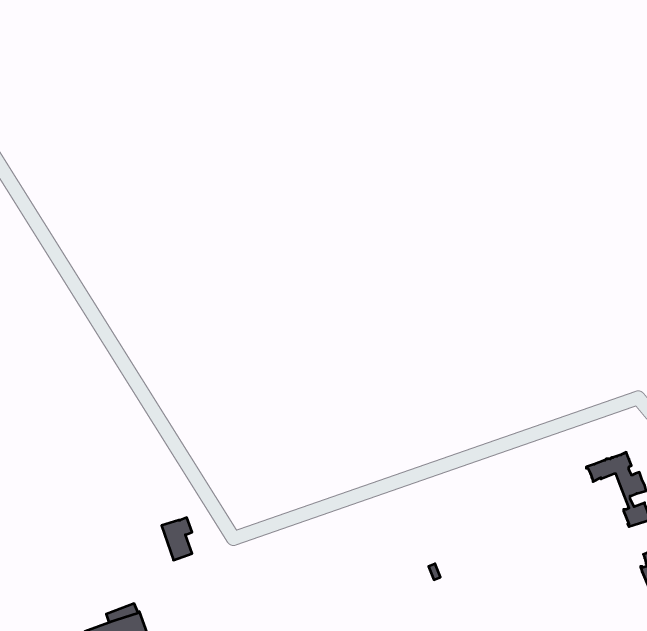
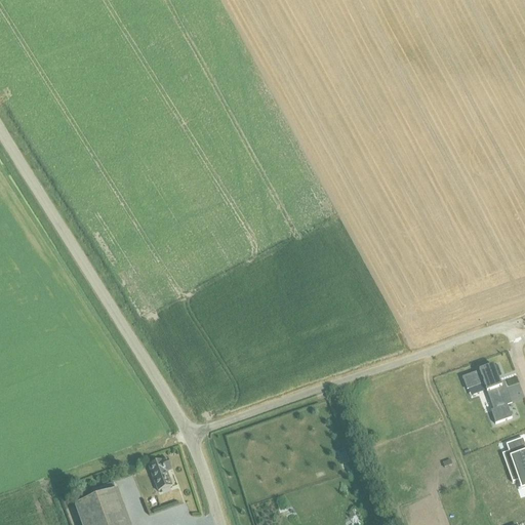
building: [162,518,192,560] -> [149,458,172,491]

